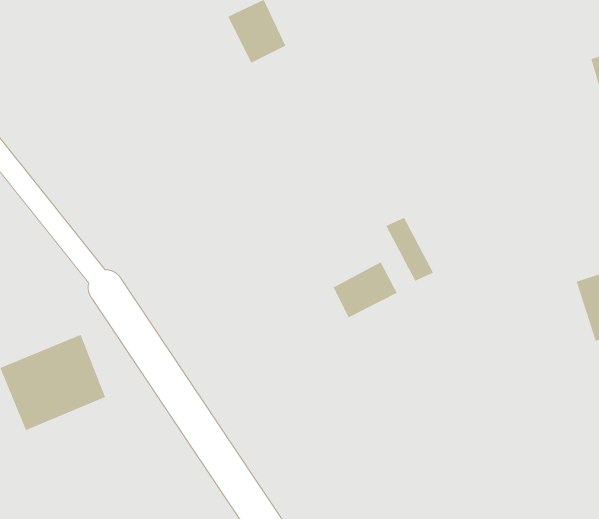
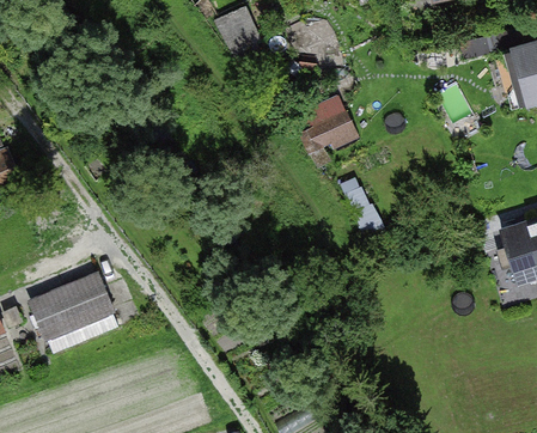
building: none -> [298,97,358,151]
building: [333,261,398,318] -> none

